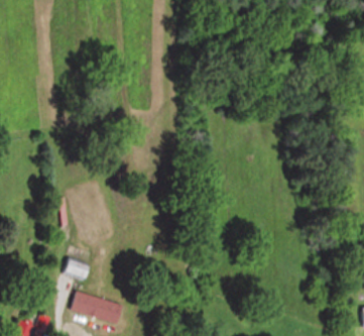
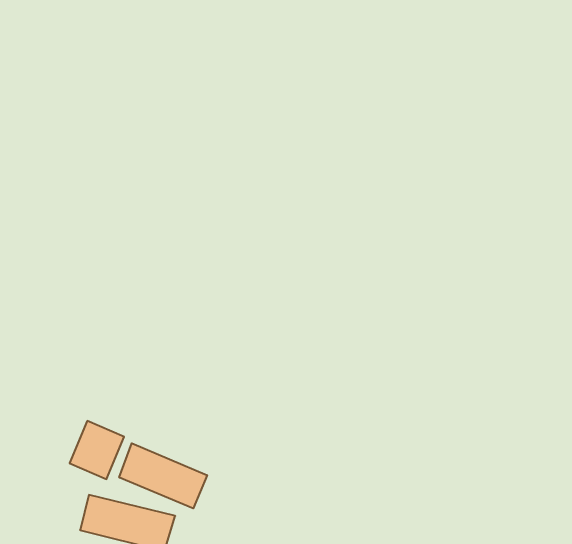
building: none -> [119,443,207,508]

